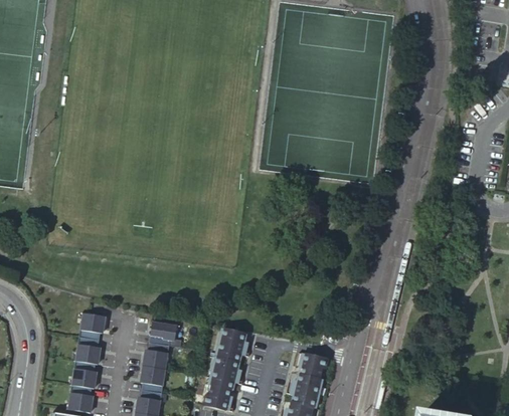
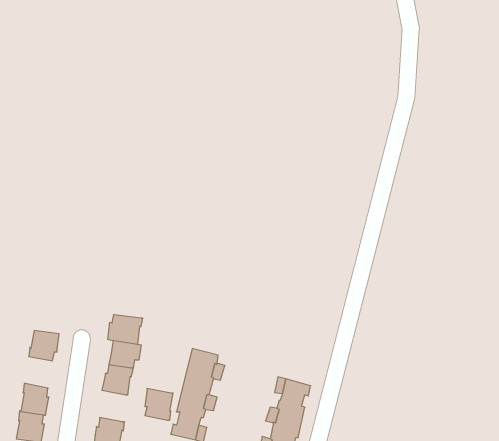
building: none -> [108,314,143,345]
building: [74,334,100,362] -> none
building: [141,364,166,392] -> [145,389,173,420]

